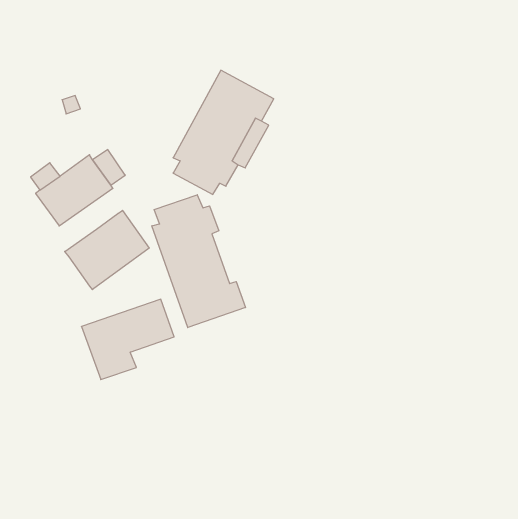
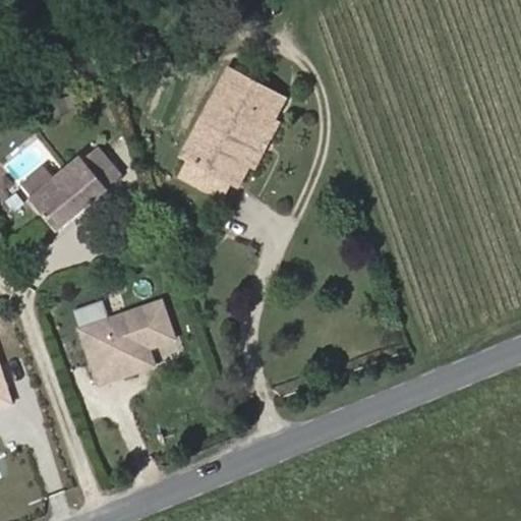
building: [152,195,245,328] -> none
building: [65,210,149,290] -> none

